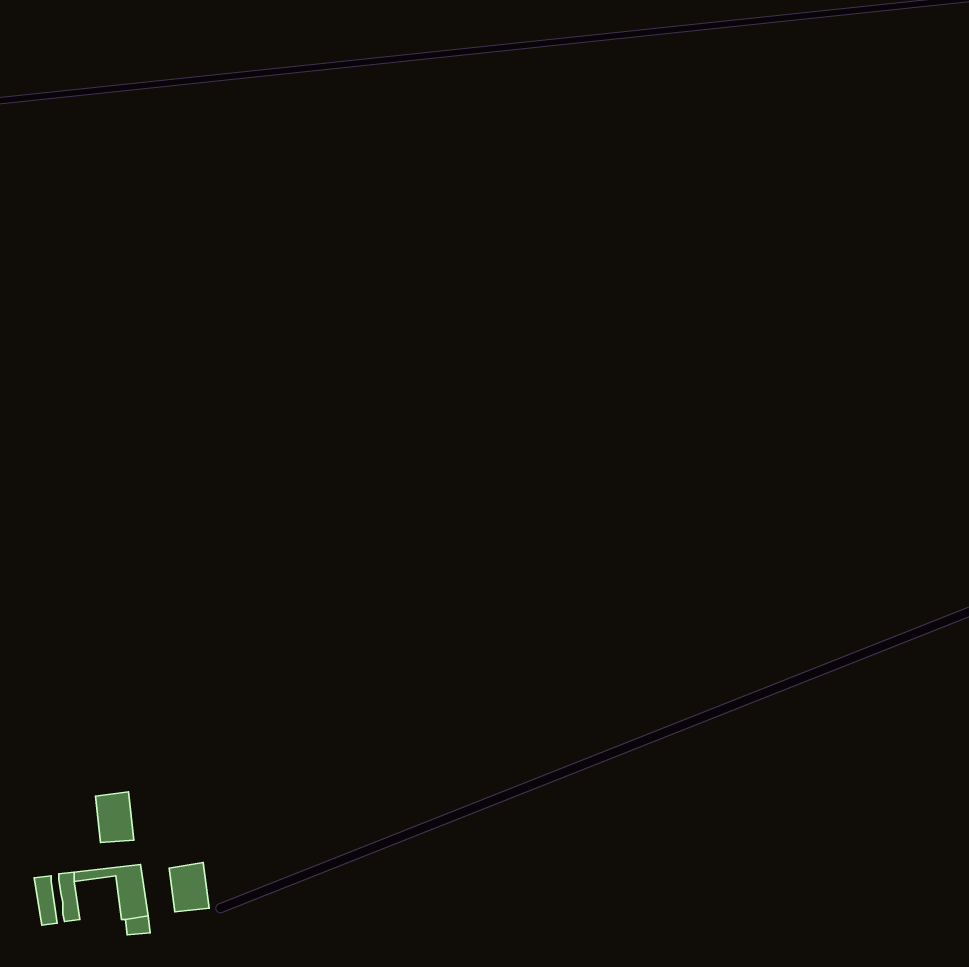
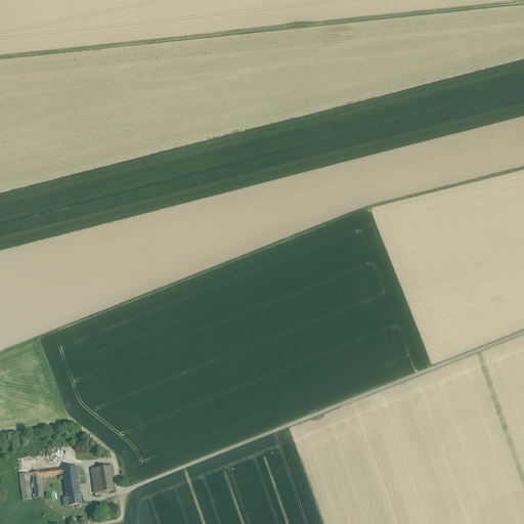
building: [95,792,134,843] -> none

